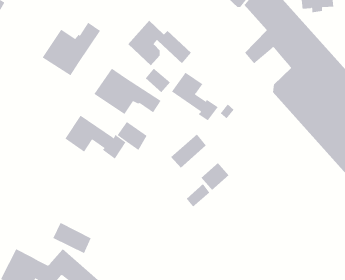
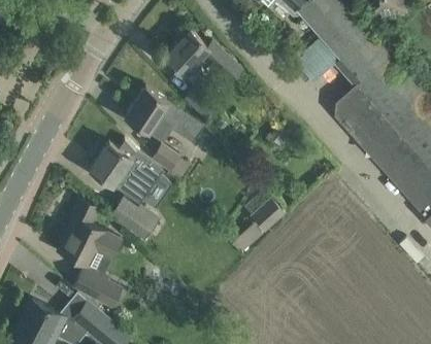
building: [42,22,101,76] -> none
building: [171,72,218,121] -> none
building: [170,133,206,169] -> none
building: none -> [108,199,158,242]
building: none -> [57,201,121,269]

